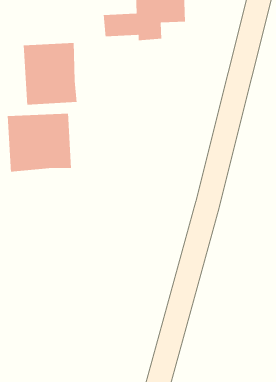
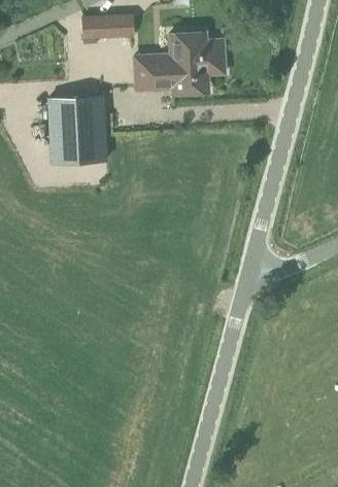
building: [7,113,72,172] -> none

